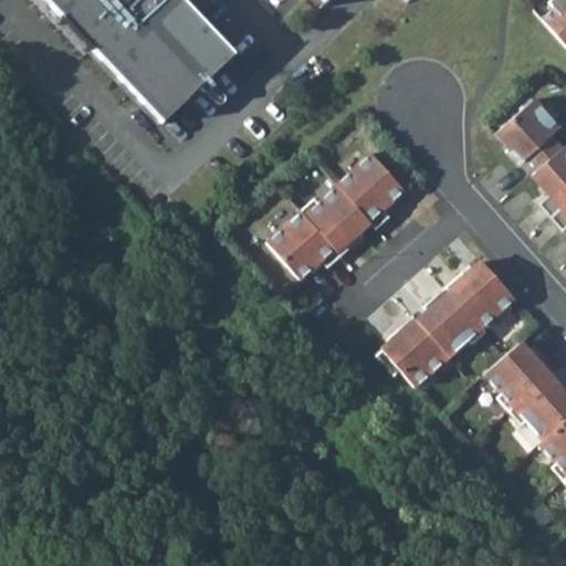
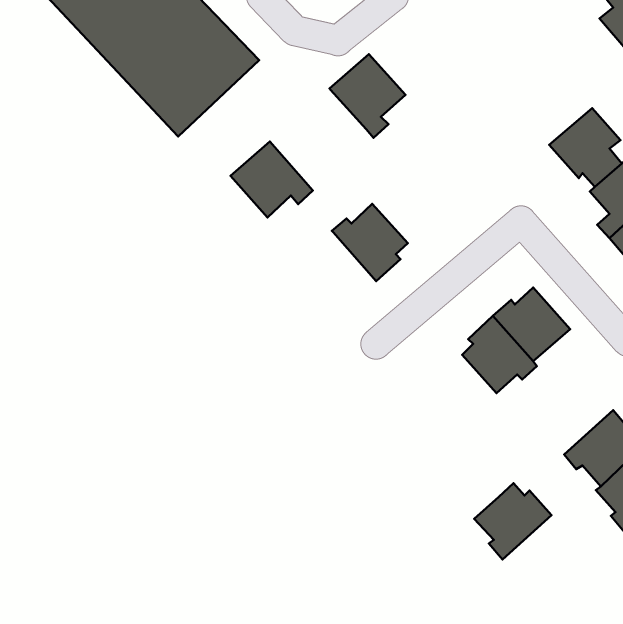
building: [338,151,407,227] -> [329,54,406,138]
building: [269,209,343,277] -> [231,141,313,218]
building: [378,314,451,385] -> none
building: [486,340,556,409] -> [474,483,552,559]

